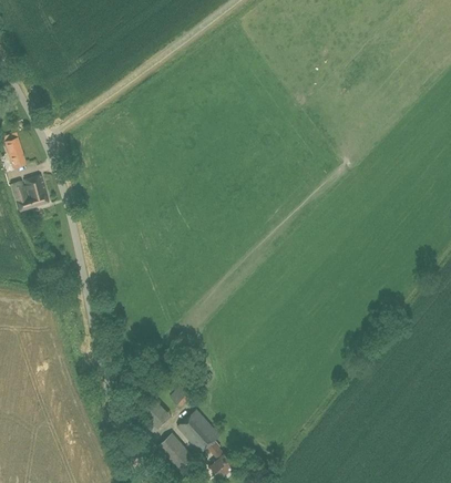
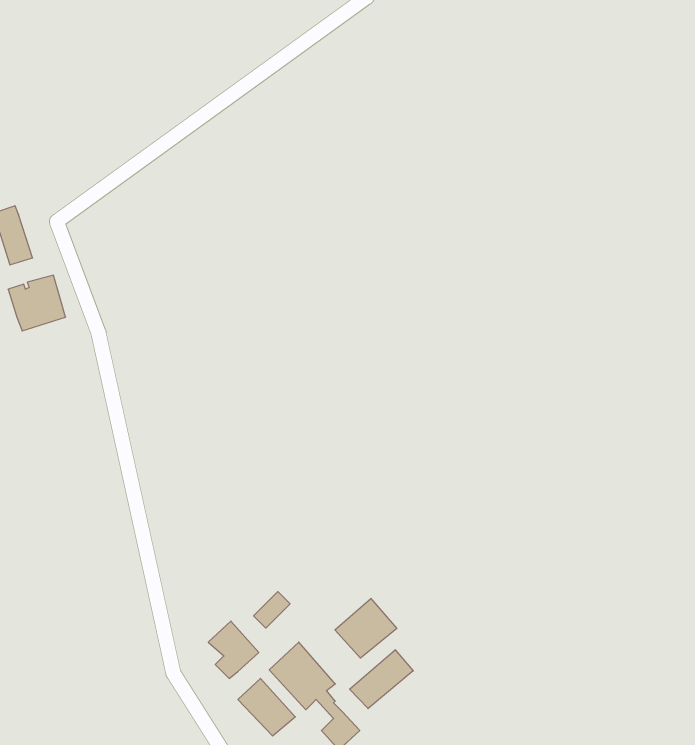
building: none -> [335,598,397,658]
building: none -> [350,650,413,709]

